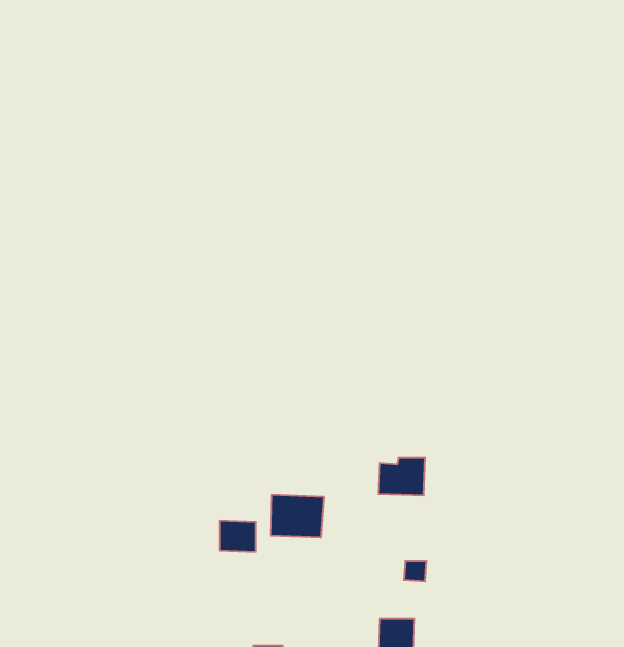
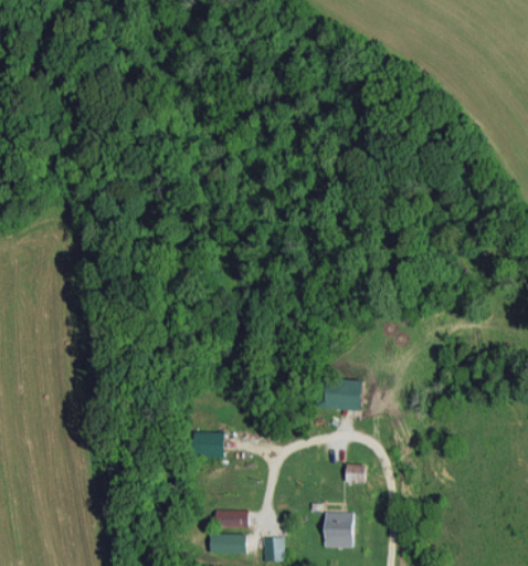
building: [271,495,324,538] -> none
building: none -> [217,510,246,527]

